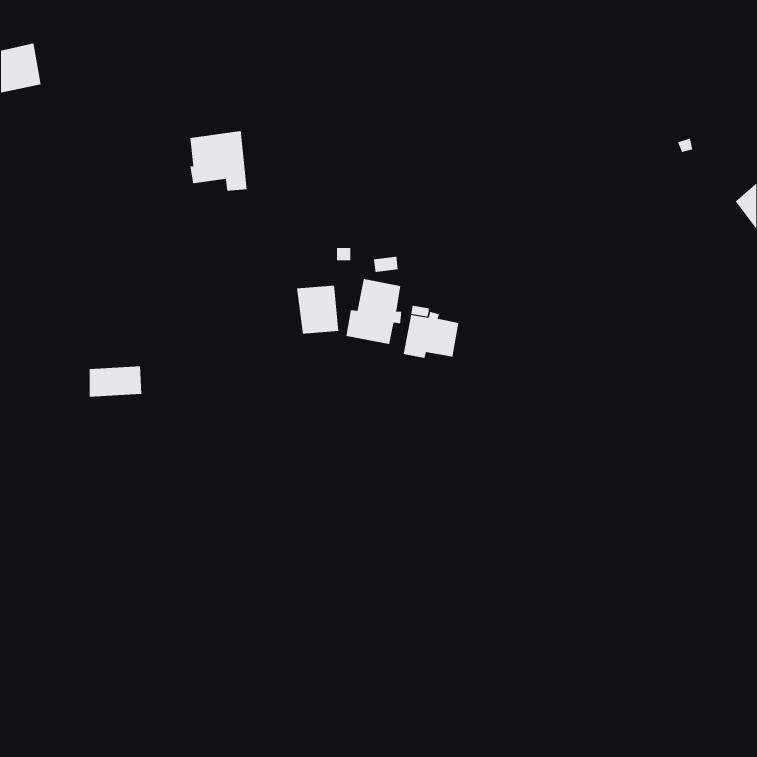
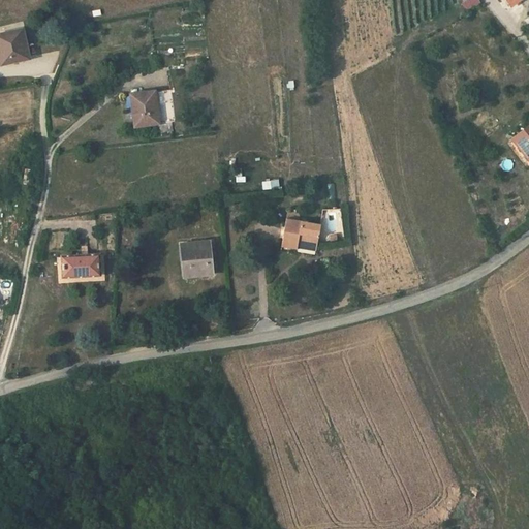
building: [346,278,402,345] -> none
building: [296,285,339,334] -> [182,243,212,277]

